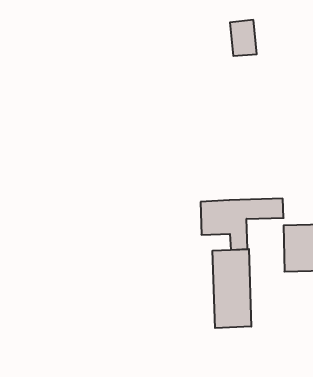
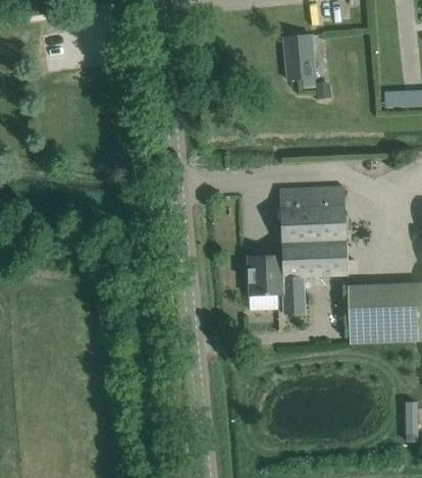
building: none -> [279,187,348,254]
building: [213,249,251,328] -> none

